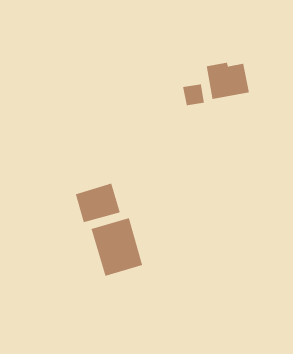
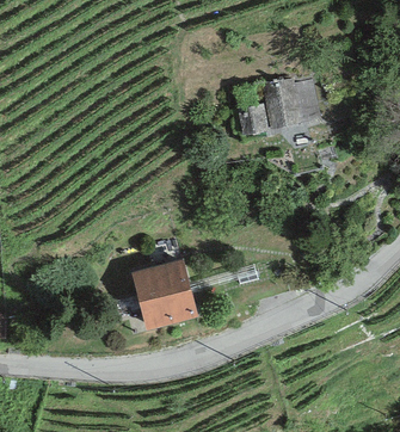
building: [75,182,121,223] -> none

